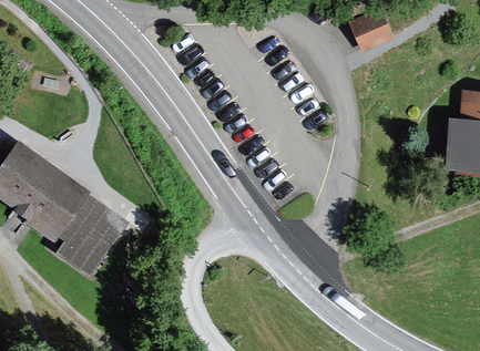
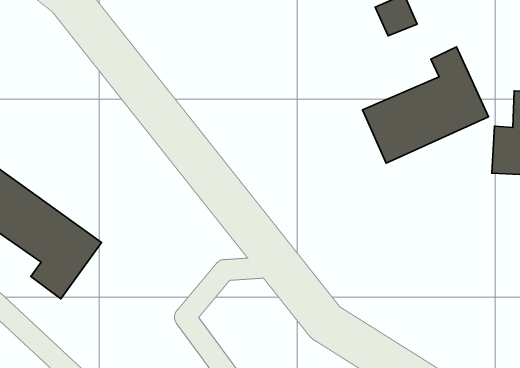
building: none -> [362,47,489,163]

